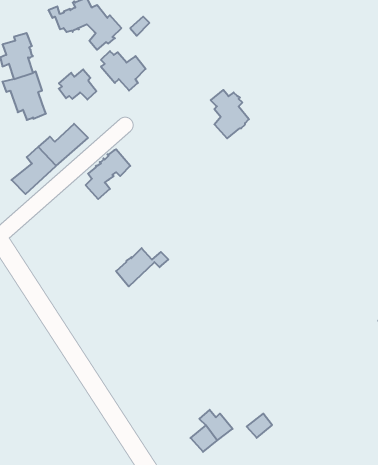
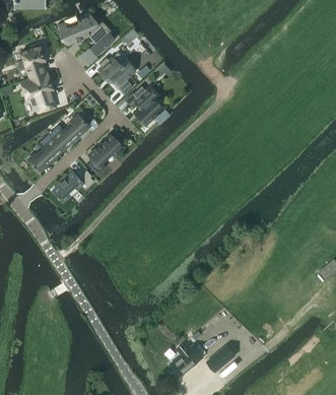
building: [59,69,96,100] -> none
building: [211,90,249,138] -> [132,85,162,124]
building: [116,248,168,286] -> [53,172,94,202]

